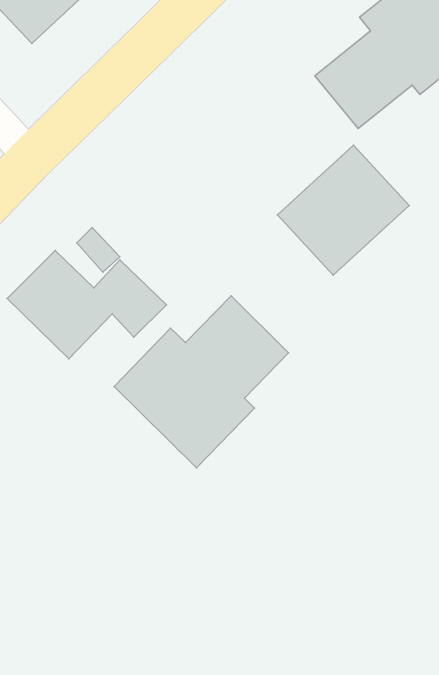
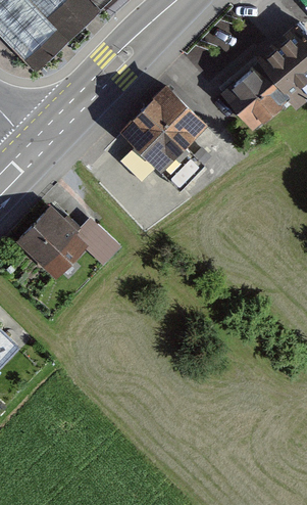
building: [278,145,409,275] -> [114,86,201,172]
building: [114,296,288,468] -> none

